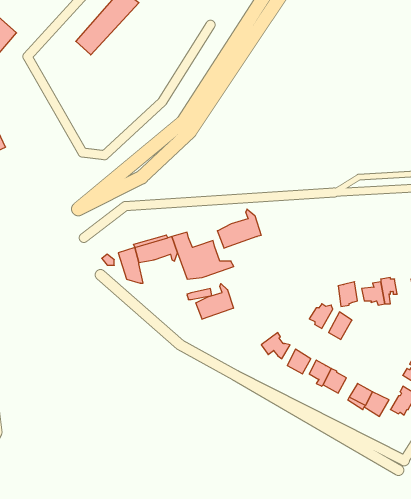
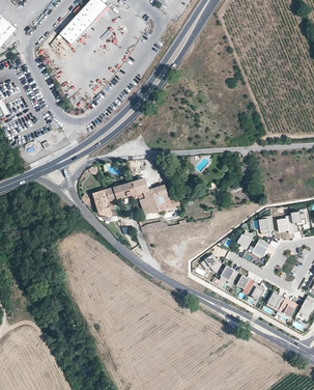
building: [217,209,261,248] -> none
building: [196,284,233,319] -> none

